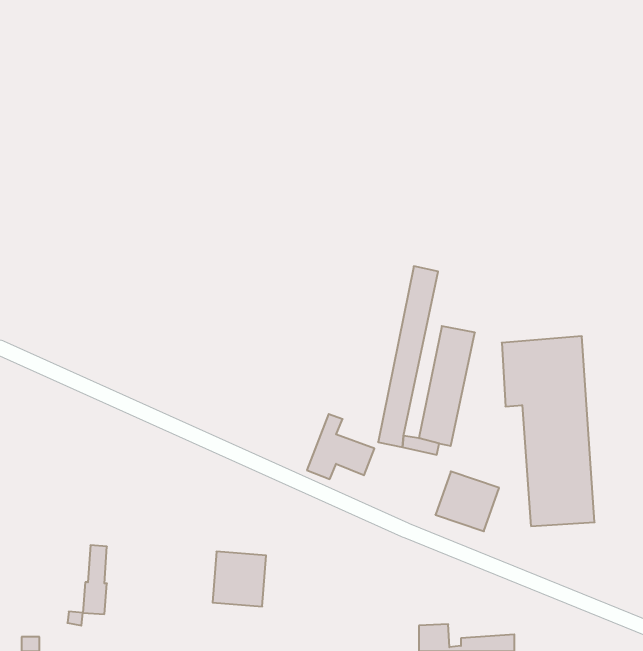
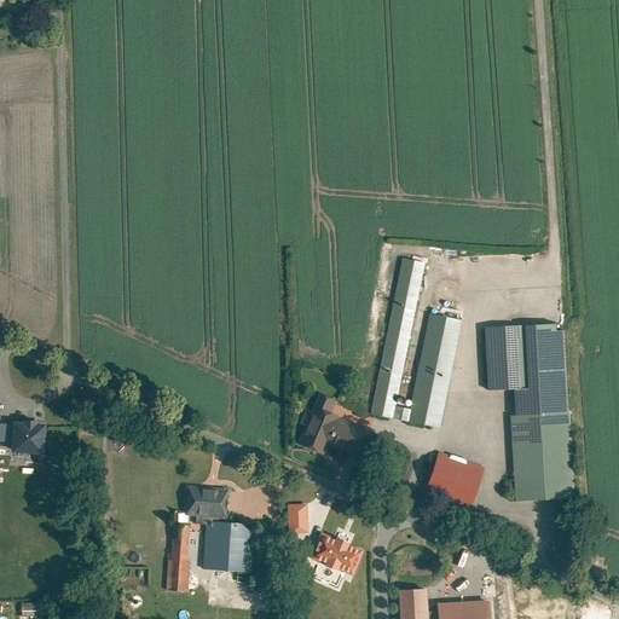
building: none -> [17,426,51,458]
building: none -> [192,487,235,520]
building: none -> [295,504,314,533]
building: [83,545,107,614] -> [173,527,196,592]
building: none -> [316,532,370,577]

